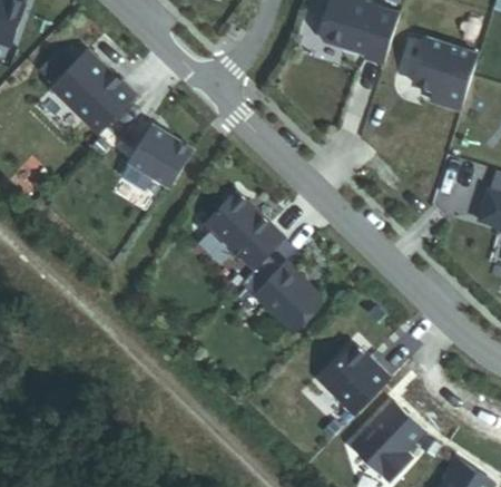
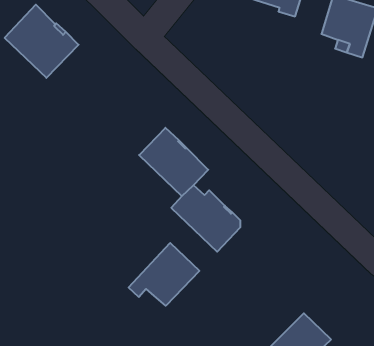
building: [129,125,193,186] -> none
building: none -> [129,243,199,306]
building: [316,344,390,418] -> none

